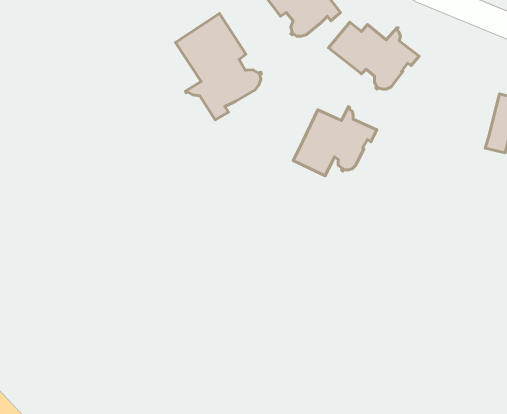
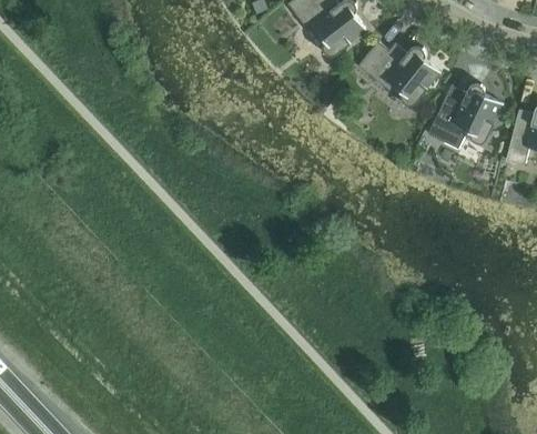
building: [175,14,262,120] -> none
building: [293,106,377,176] -> [428,81,507,147]

